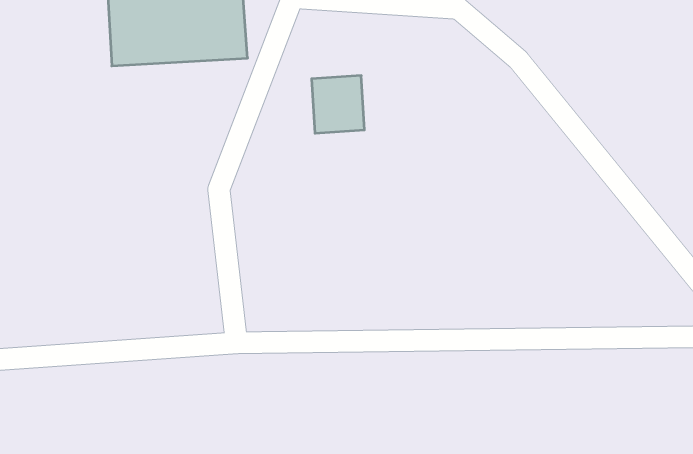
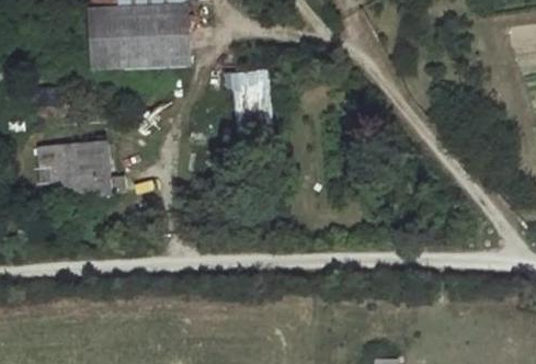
building: none -> [41,139,111,195]

